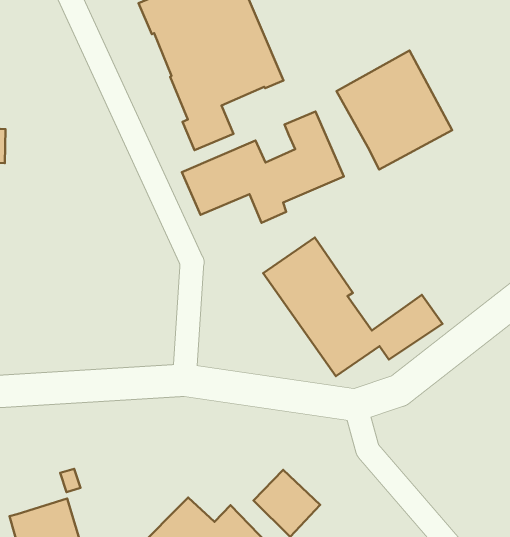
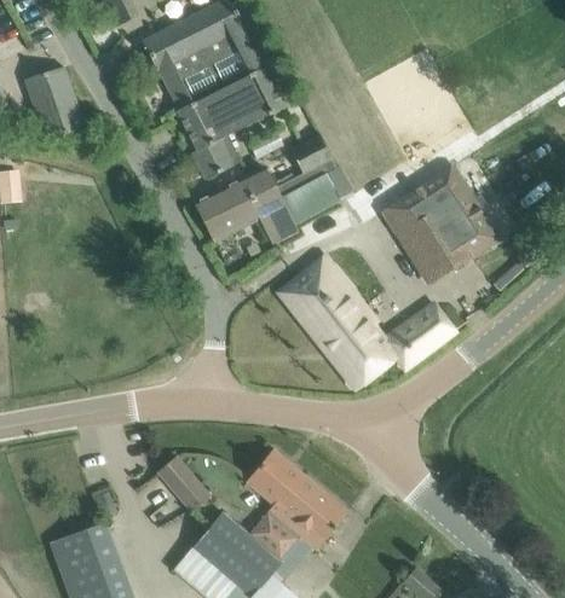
building: none -> [24,66,83,141]
building: [336,50,452,169] -> [385,167,498,283]
building: none -> [246,449,310,512]
building: none -> [157,457,209,512]

